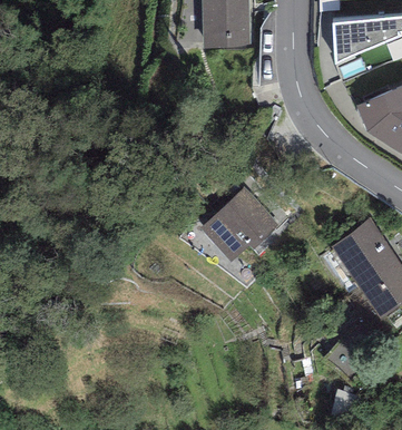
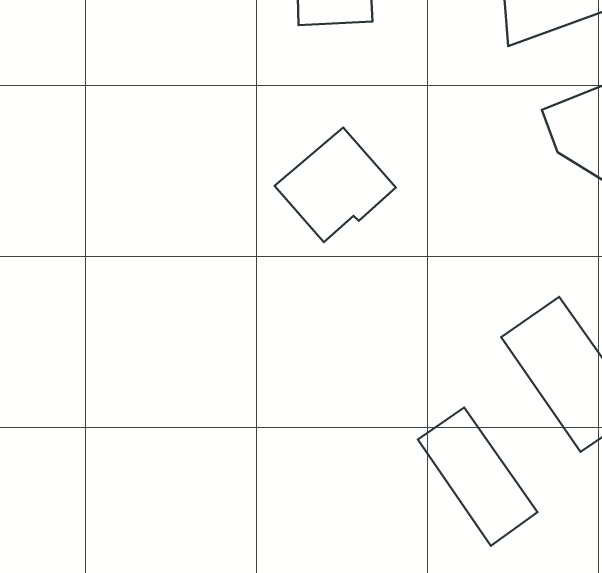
building: [200,189,277,262] -> [274,128,396,242]
building: none -> [418,407,537,546]

